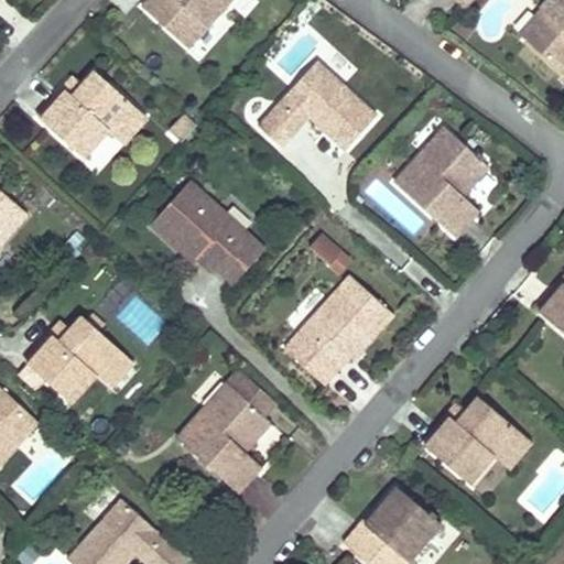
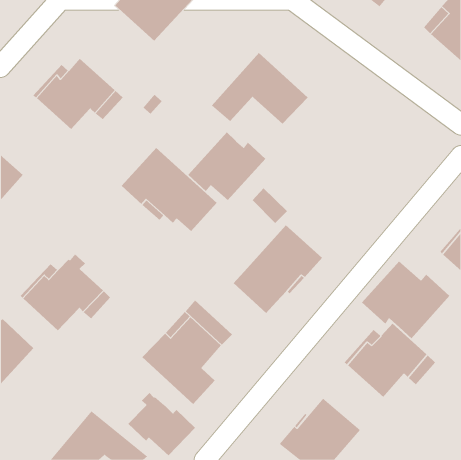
building: [394,126,489,237] -> none
building: none -> [188,131,266,201]
building: none -> [361,260,450,339]
building: none -> [127,392,196,456]

